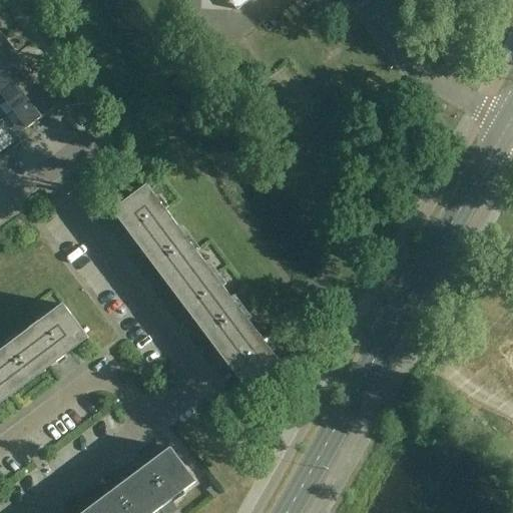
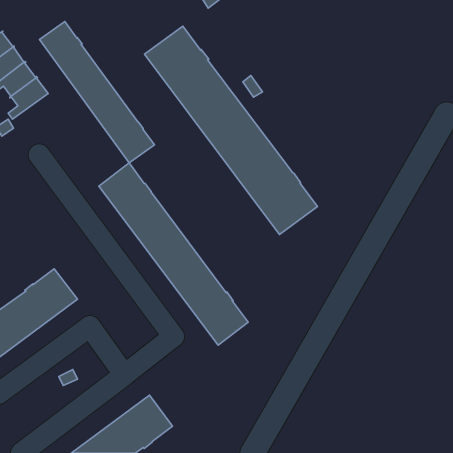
building: none -> [40,21,154,163]
building: none -> [145,26,318,234]

